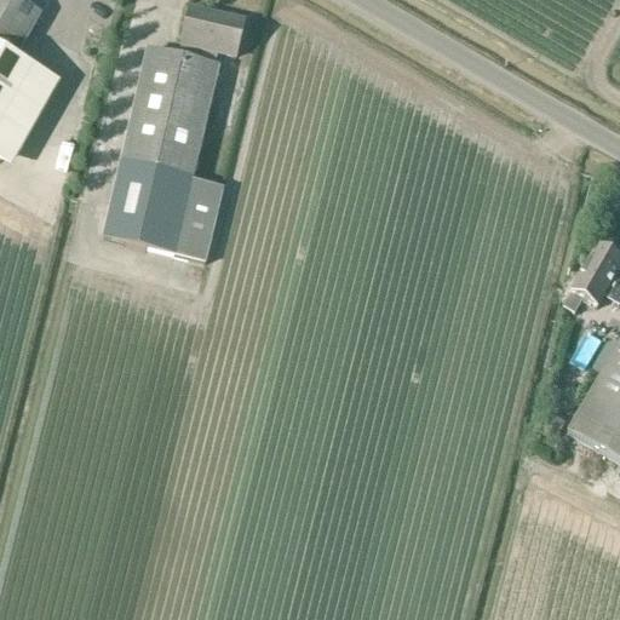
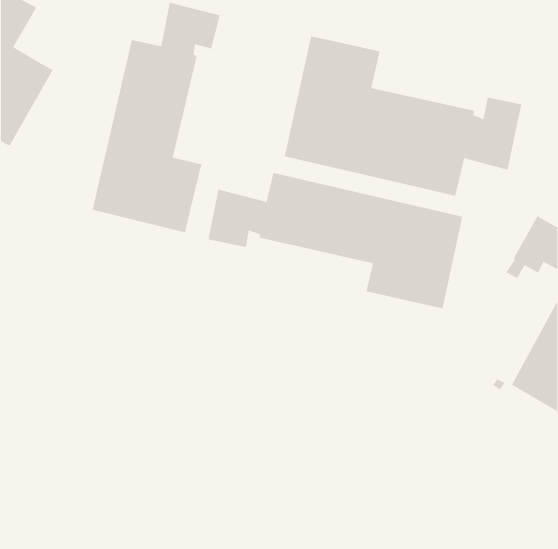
building: none -> [284,35,522,197]
building: none -> [208,172,463,309]

